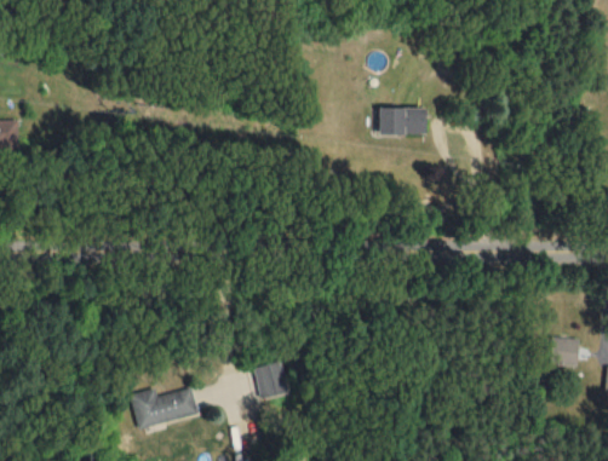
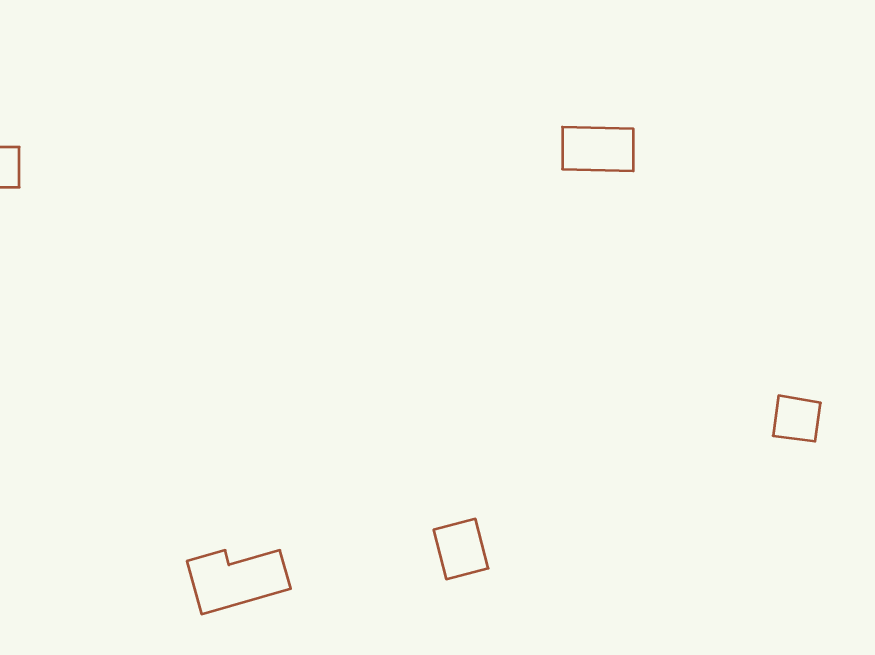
building: [547,335,579,365] -> [773,396,821,441]
building: [253,359,289,399] -> [434,519,488,579]

